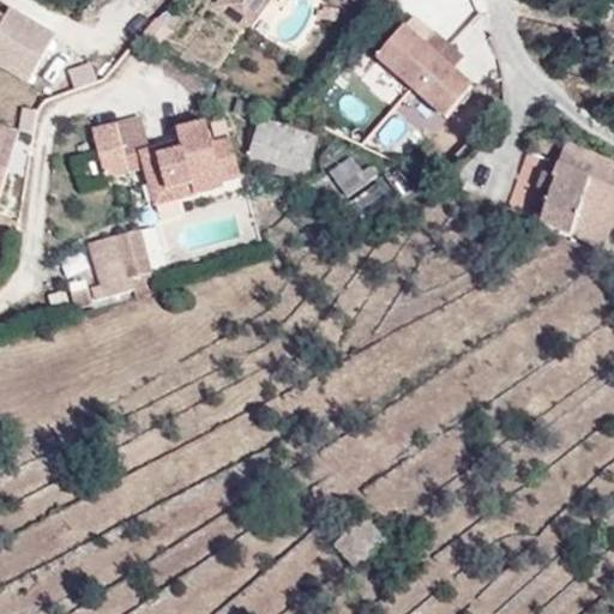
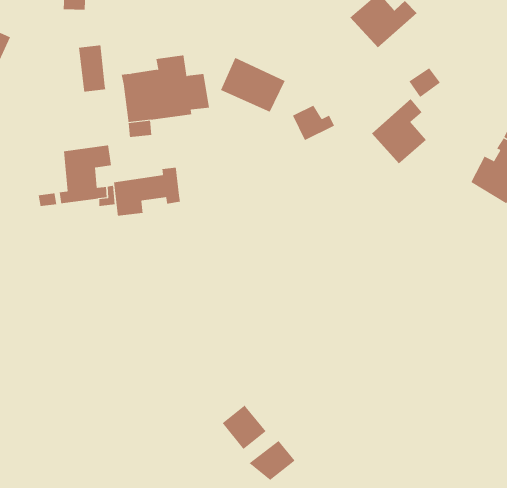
building: [409,43,469,115] -> [371,98,427,164]
building: [114,115,149,165] -> none
building: none -> [113,167,181,217]
building: none -> [222,404,266,450]

